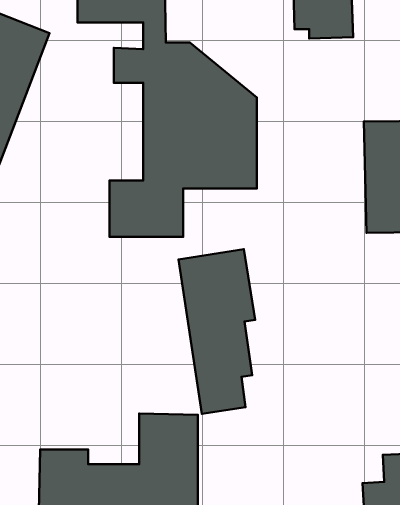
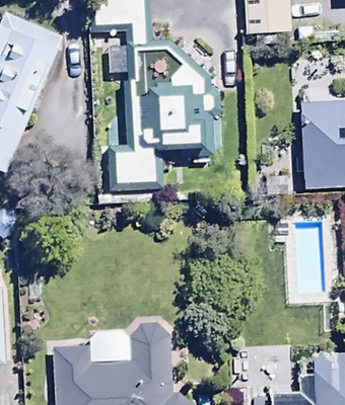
building: [179,249,255,414] -> none

